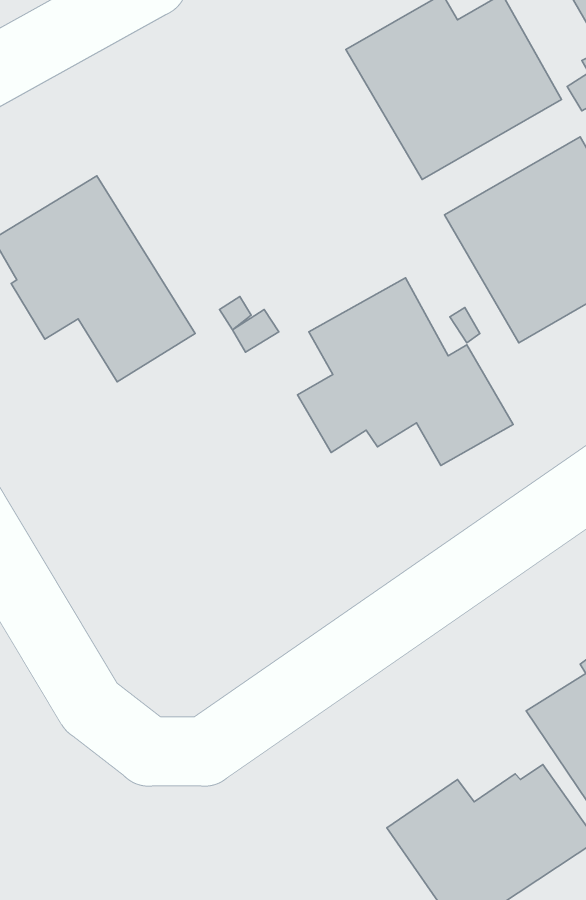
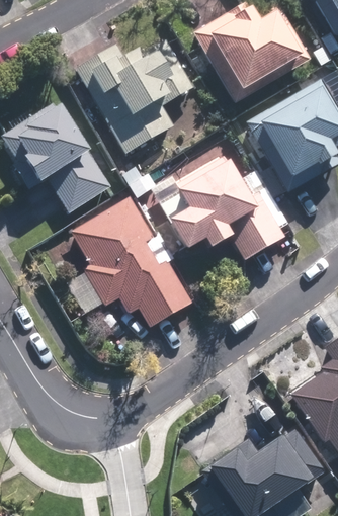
building: none -> [76,41,192,155]
building: none -> [72,196,193,328]

